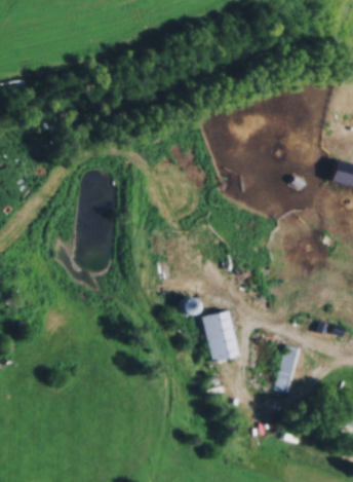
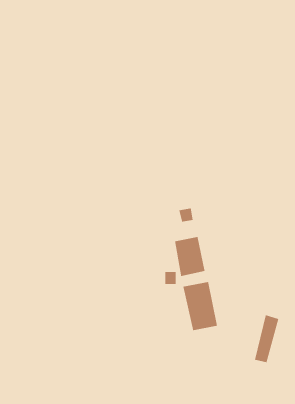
building: none -> [174,236,205,277]

